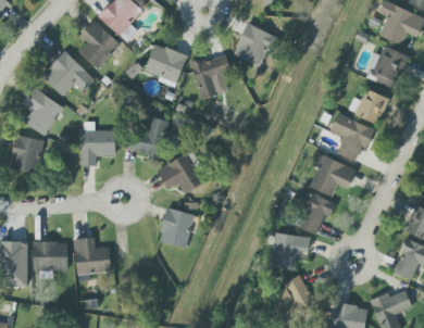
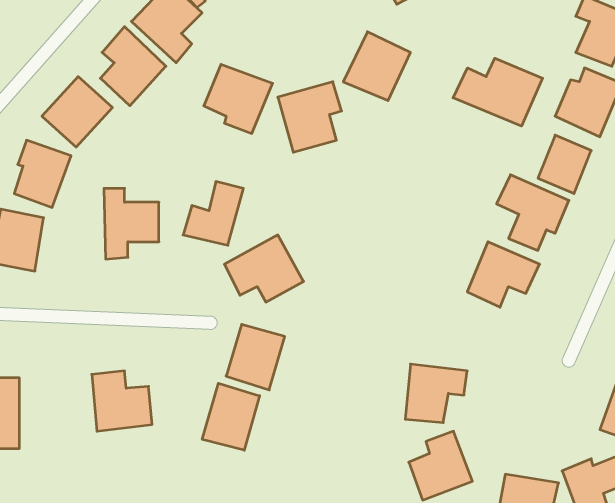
building: none -> [453,58,543,126]
building: [296,189,335,235] -> none
building: [33,241,67,270] -> none
building: none -> [202,383,260,450]

